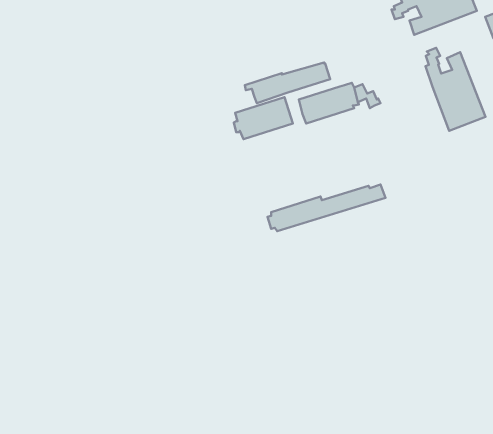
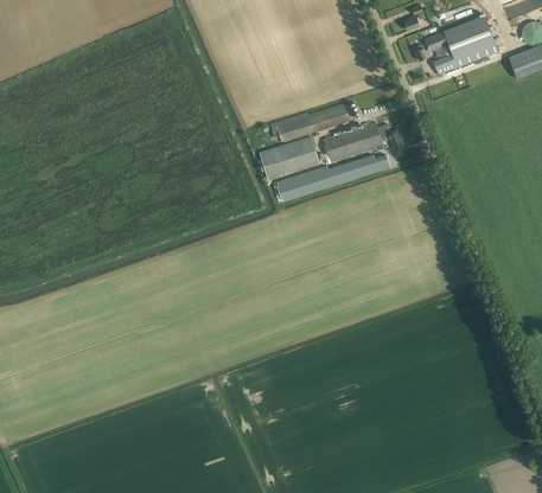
building: [426,48,486,131] -> none
building: [268,184,385,231] -> [274,154,390,200]

